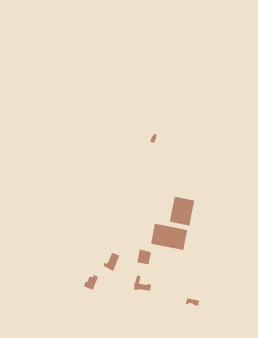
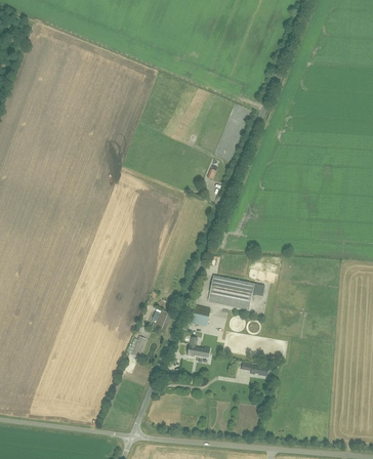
building: [169,196,195,226] -> none

